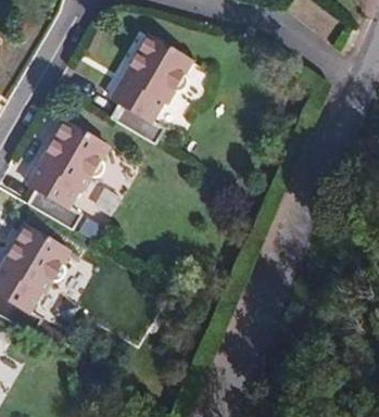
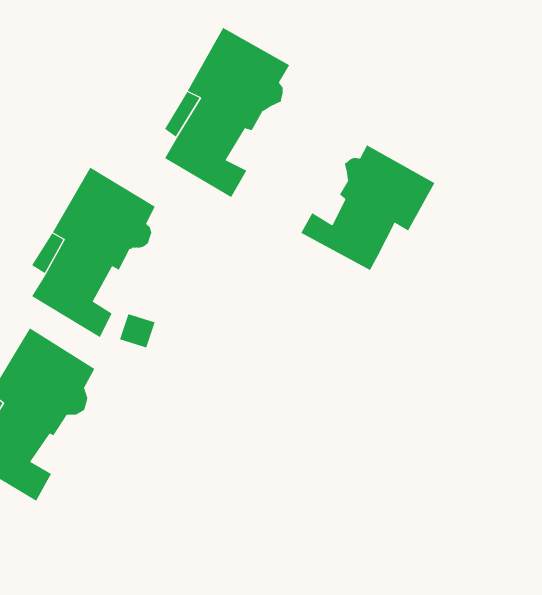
building: none -> [300,144,435,271]

